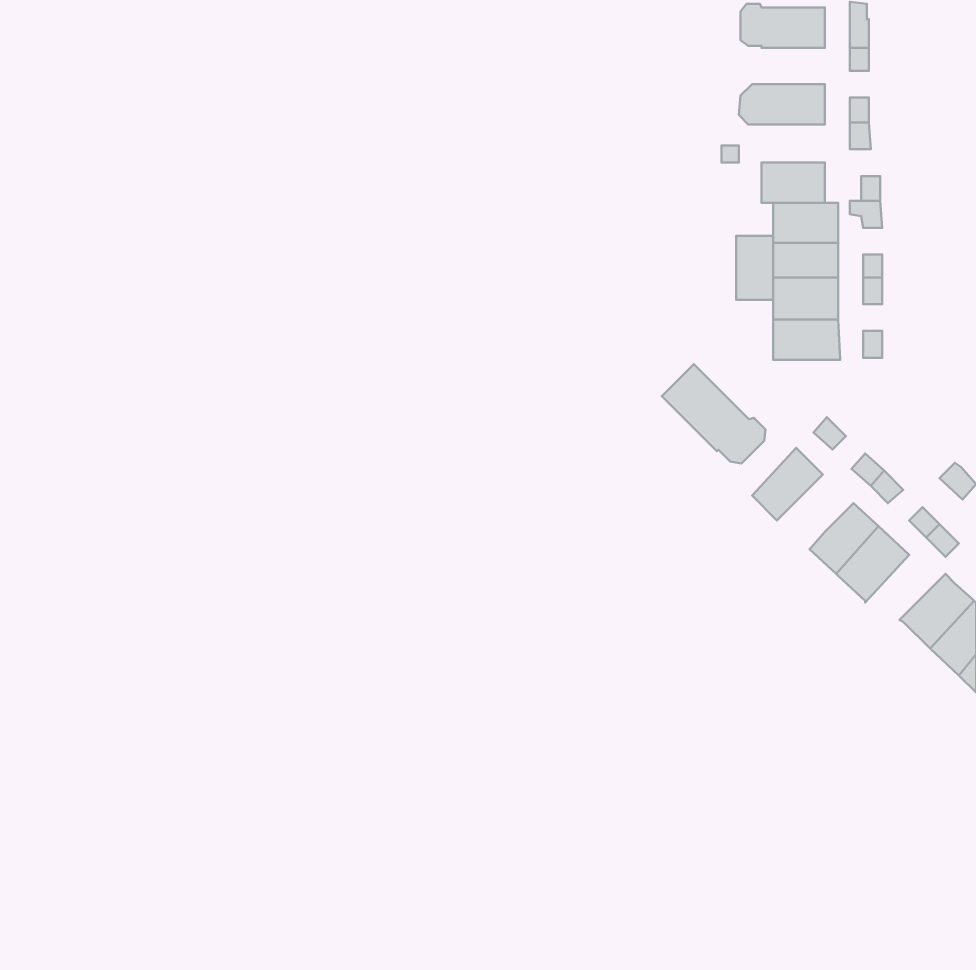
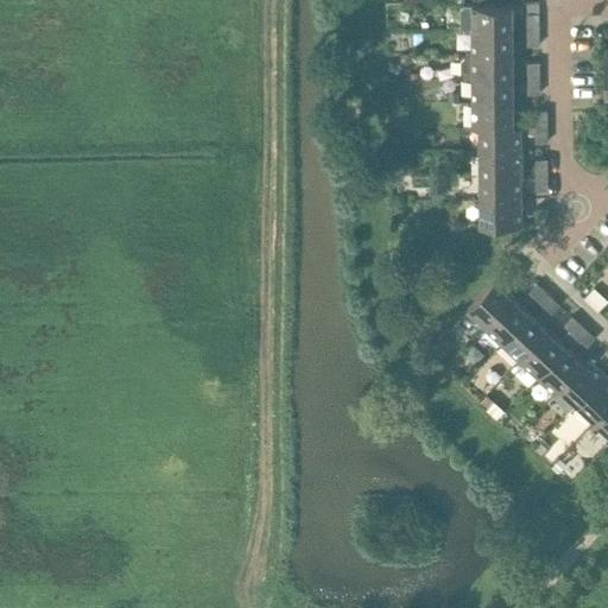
building: none -> [473,34,512,57]
building: none -> [473,82,512,106]
building: [736,236,773,300] -> none
building: [662,364,765,464] -> none
building: none -> [482,299,530,346]
building: none -> [537,349,582,394]

